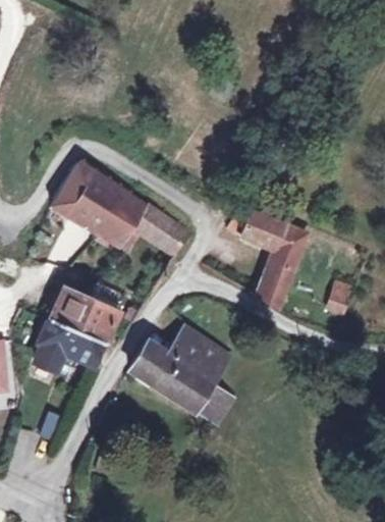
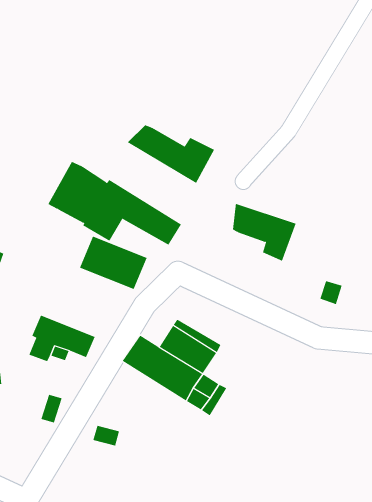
building: none -> [127,125,215,184]
building: [258,258,292,303] -> none
building: [47,289,116,344] -> [79,236,148,290]

